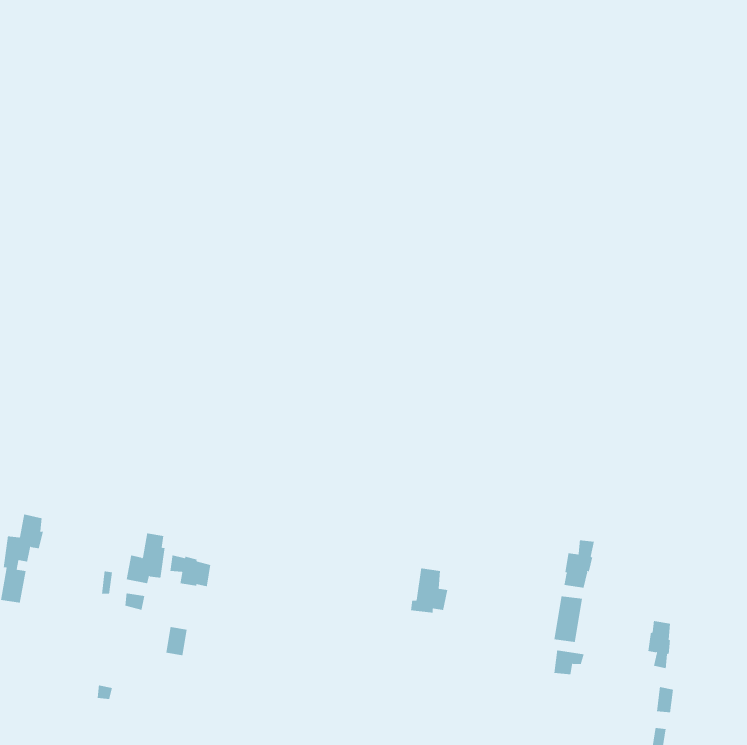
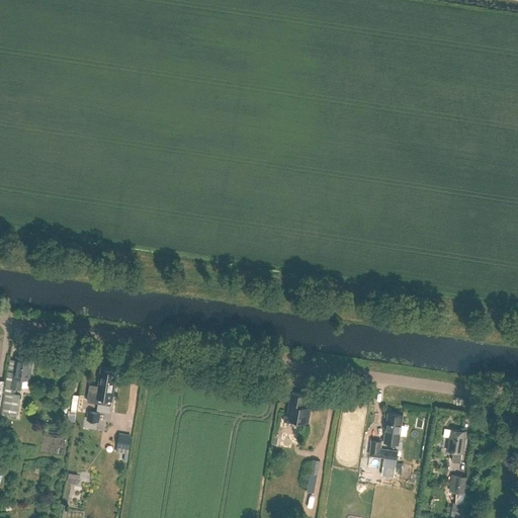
building: [564,540,595,588] -> none
building: [170,554,211,587] -> none

